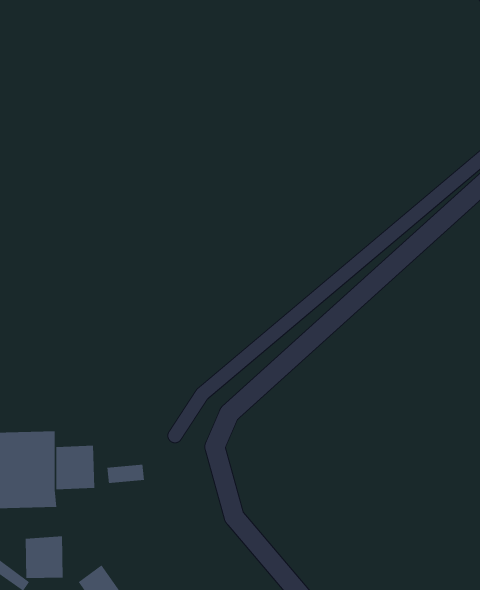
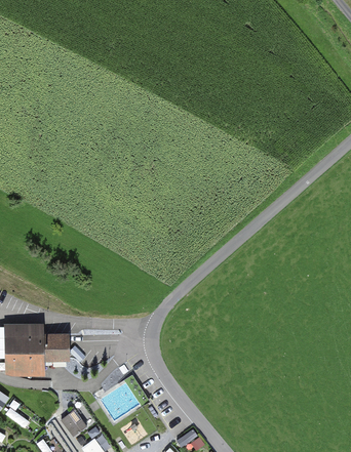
building: [25,536,63,579] -> none

